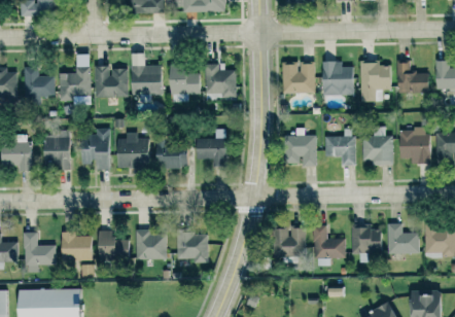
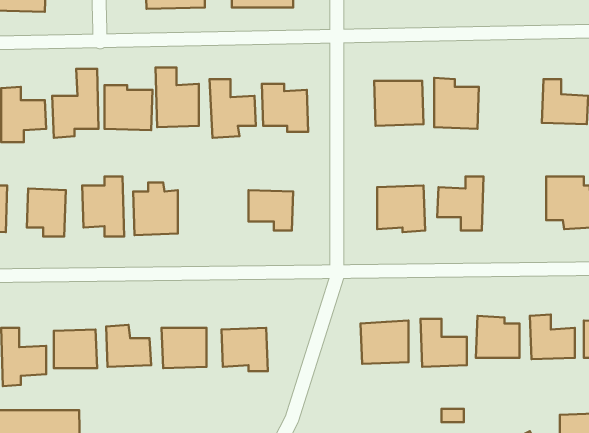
building: [361,63,391,102] -> none
building: [363,127,394,166] -> none
building: [155,142,186,169] -> none

